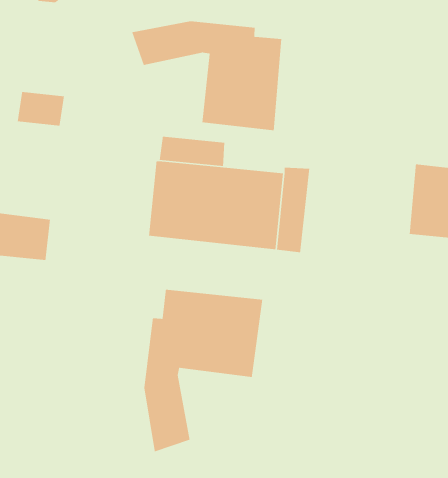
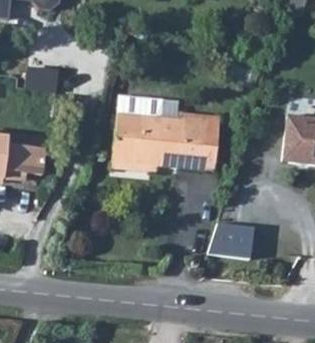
building: [131,20,282,131] -> none
building: [143,289,263,452] -> none
building: none -> [205,227,251,263]

